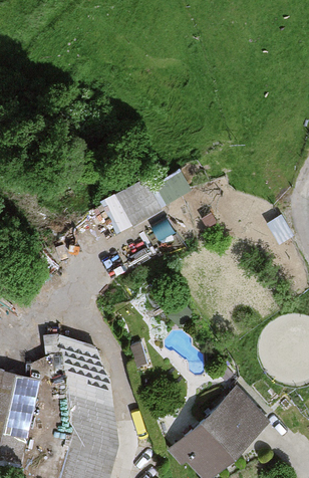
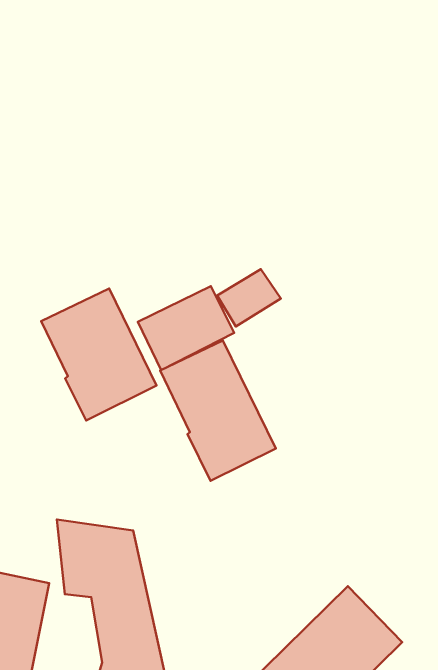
building: none -> [41,288,157,420]
building: none -> [160,340,276,481]

